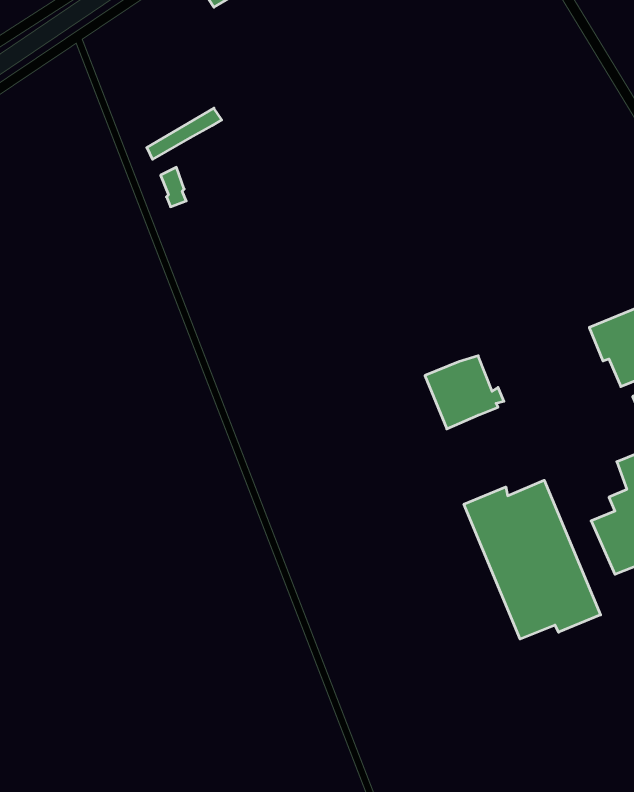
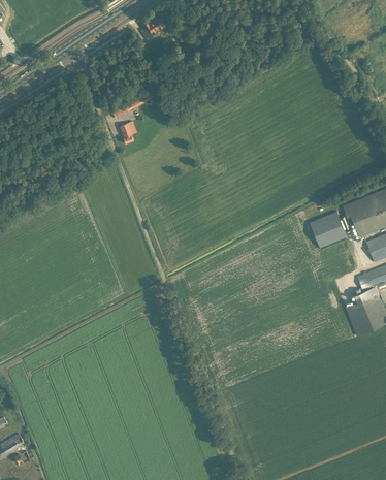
building: [425,356,504,429] -> [308,212,349,250]
building: [464,480,601,639] -> none

